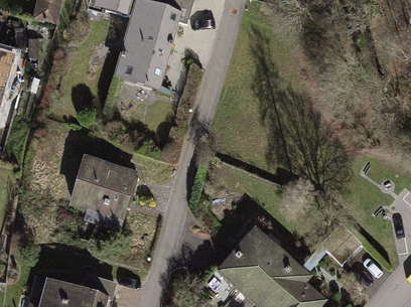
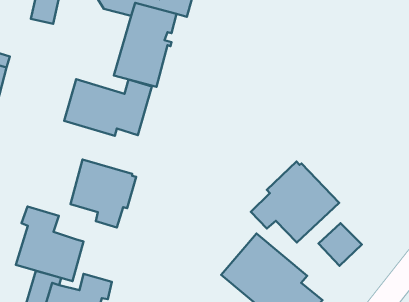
building: none -> [64,79,152,136]
building: none -> [251,161,339,242]
building: none -> [16,207,83,281]

